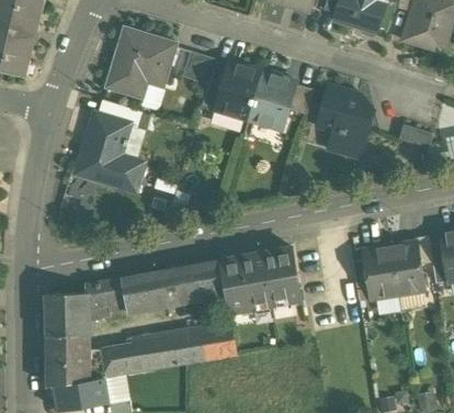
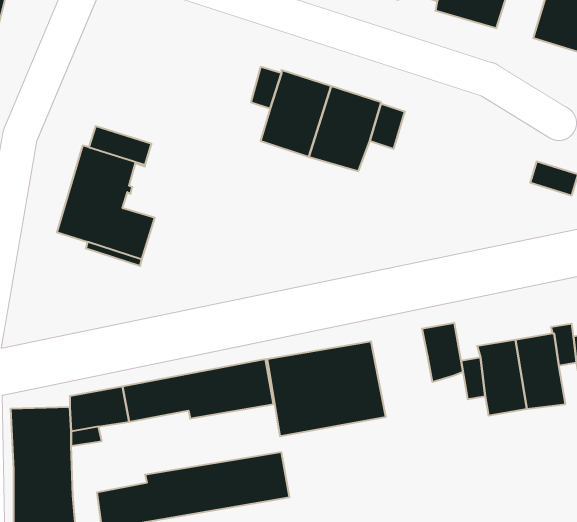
building: [106,27,177,99] -> none
building: [183,52,216,83] -> none
building: [318,86,374,158] -> none
building: none -> [422,323,463,382]

